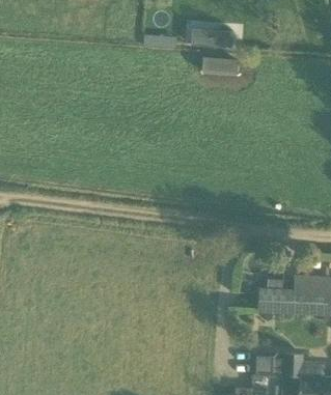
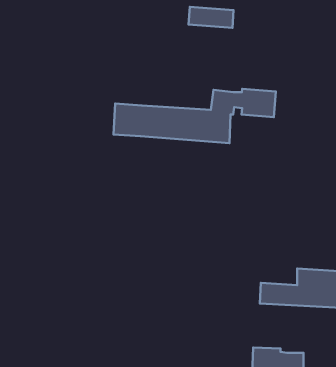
building: [202,58,238,77] -> none
building: none -> [114,89,276,143]

